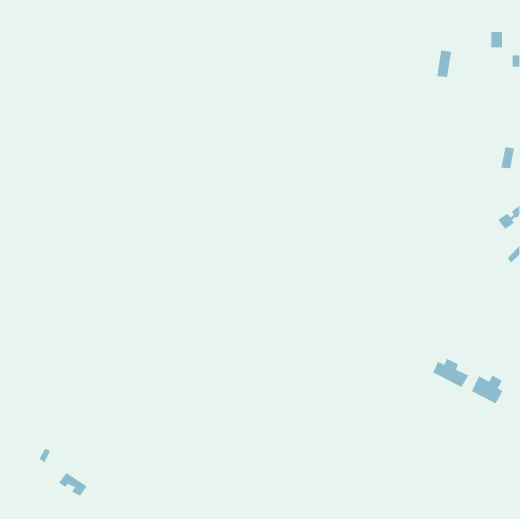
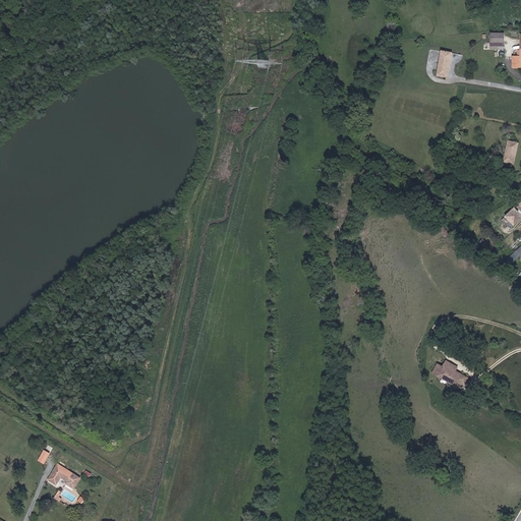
building: [471,375,503,404] -> none

